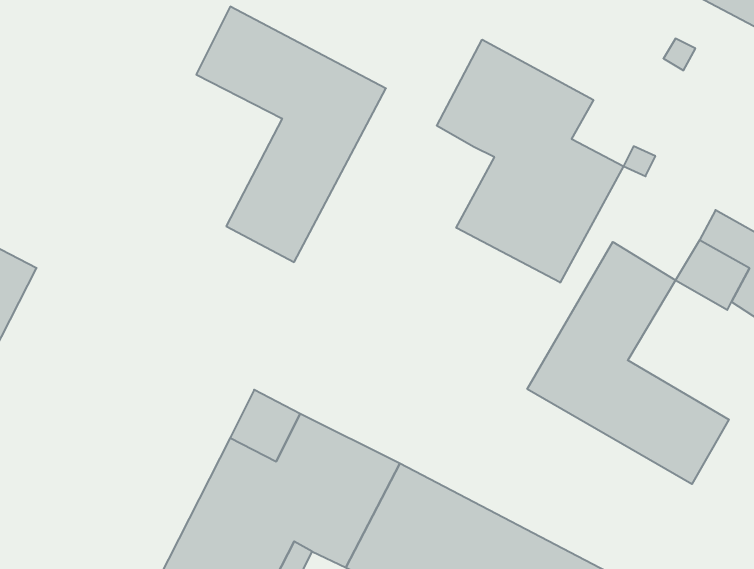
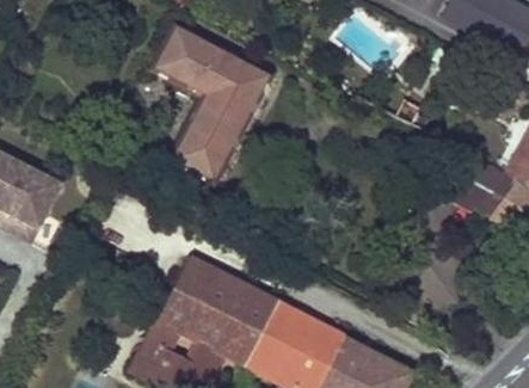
building: [437,40,624,283] -> none
building: [527,242,729,484] -> none

